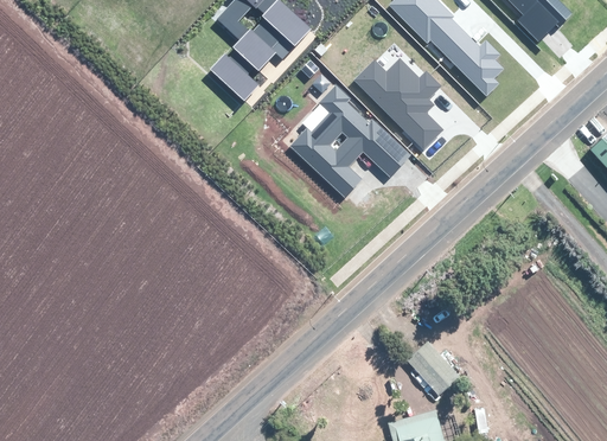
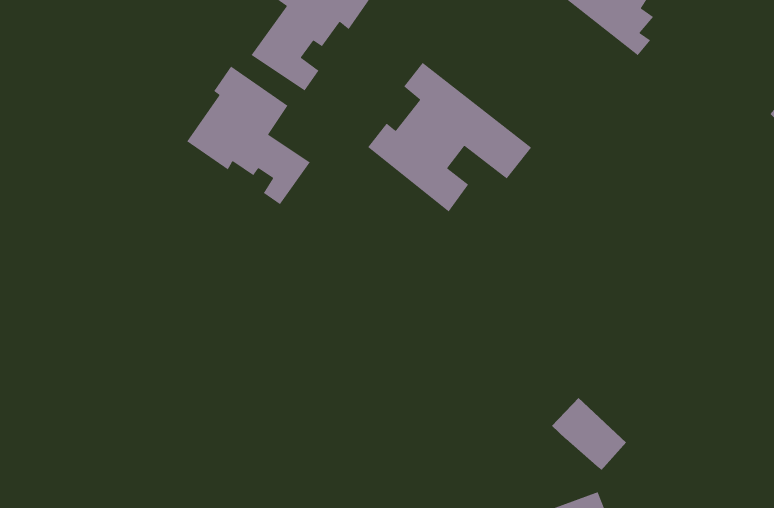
building: [353,59,443,148] -> none
building: none -> [186,66,311,205]

